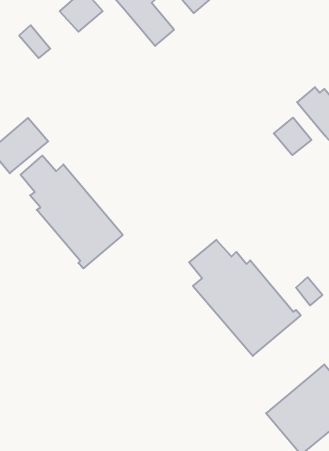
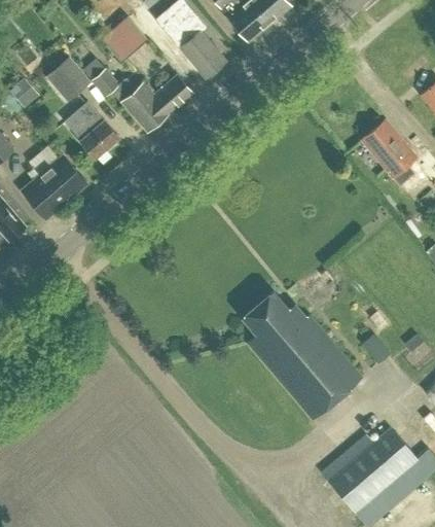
building: none -> [92,66,191,131]
building: none -> [64,100,119,157]
building: [274,118,311,155] -> none
building: [21,156,123,268] -> none

